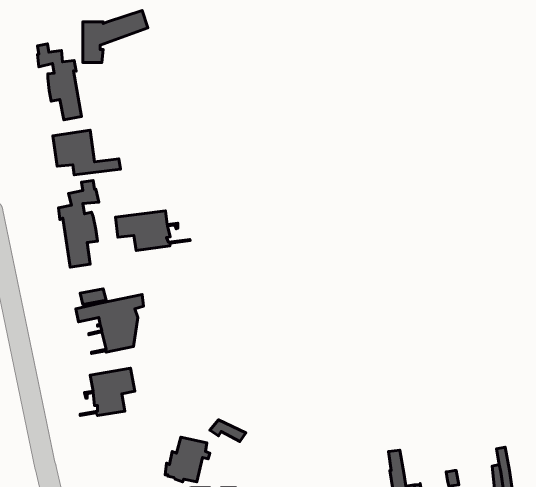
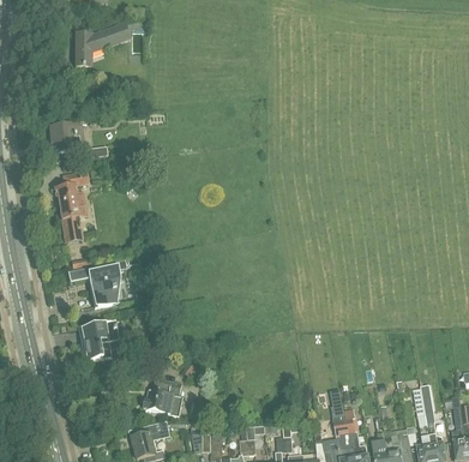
building: [38,44,81,120] -> none
building: [116,211,190,250] -> none

